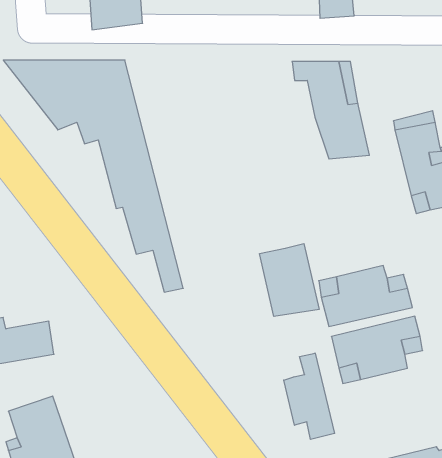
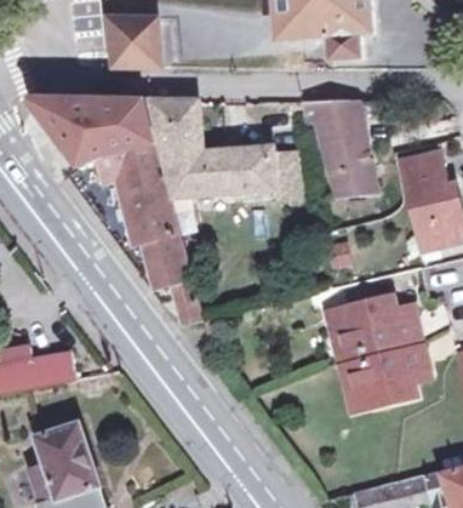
building: none -> [148,101,296,198]
building: [260,244,319,316] -> none
building: [284,353,335,439] -> none

